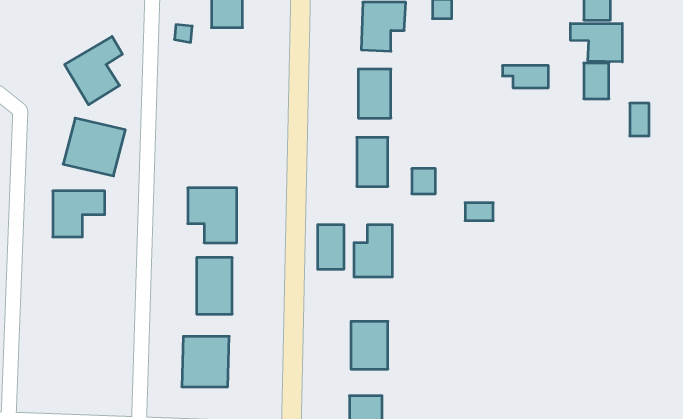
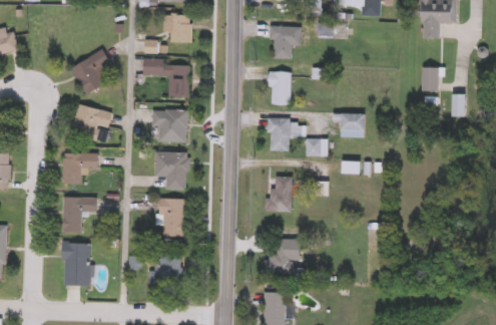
building: [570,23,622,62] -> none
building: none -> [143,58,189,97]
building: [502,66,548,88] -> [334,114,365,129]
building: none -> [151,109,186,141]
building: [318,225,344,269] -> none
building: none -> [62,197,96,233]
building: none -> [63,242,89,286]

